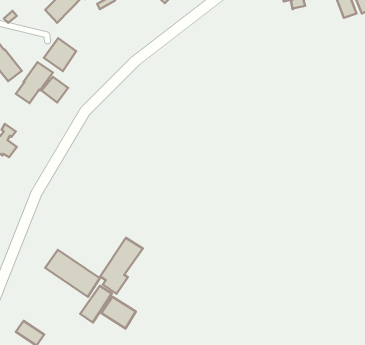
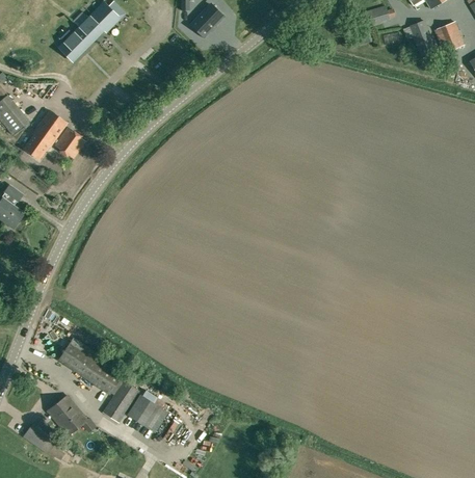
building: [44,38,76,71] -> none
building: [100,238,143,294] -> none
building: none -> [47,396,87,436]

